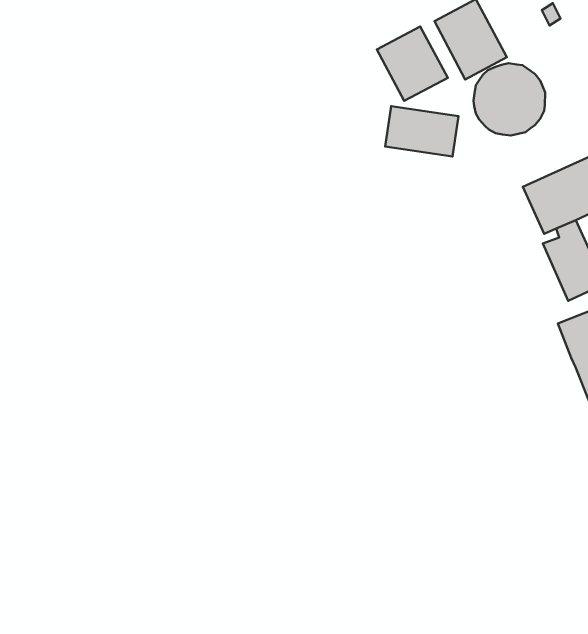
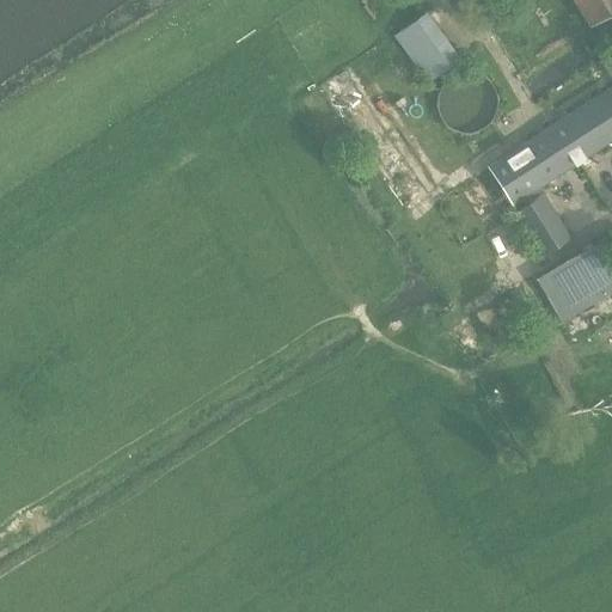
building: [377,26,448,101] -> none
building: [385,106,459,156] -> none

